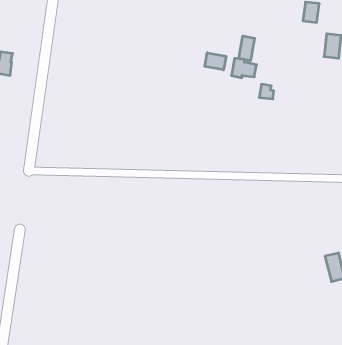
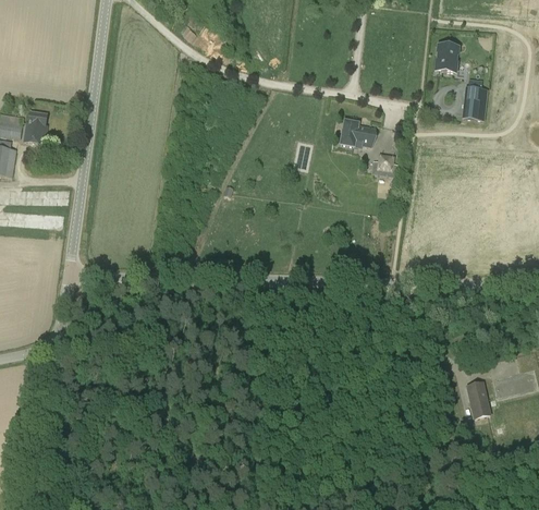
building: [239,36,255,61] -> none
building: [205,53,226,70] -> none

